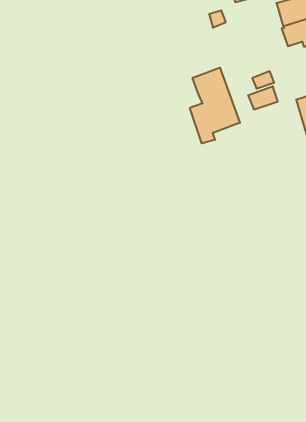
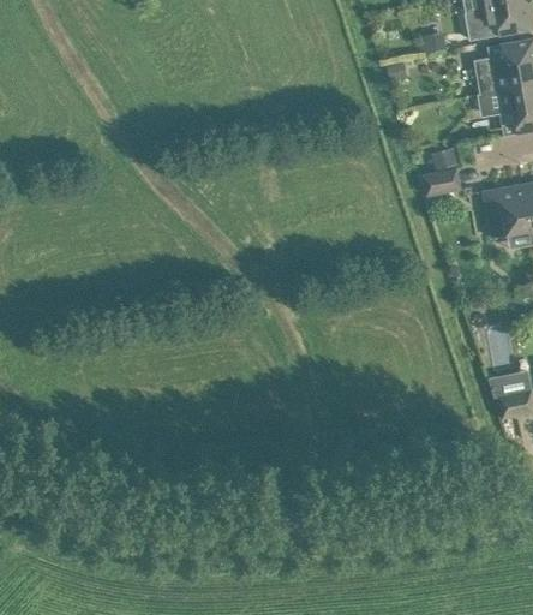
building: [190,68,240,143] -> none

